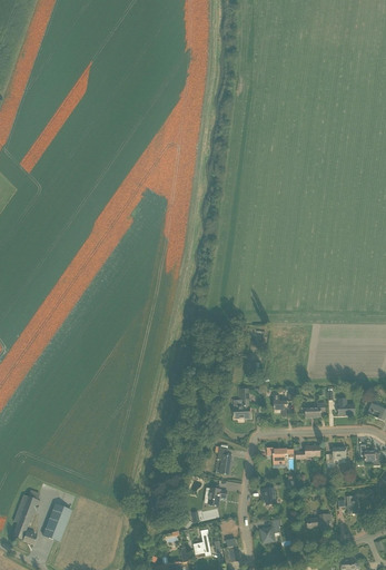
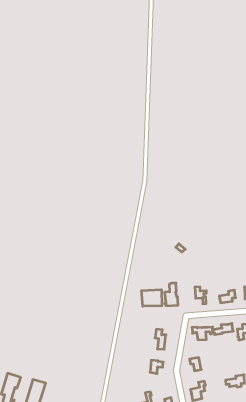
building: none -> [142,290,162,306]

